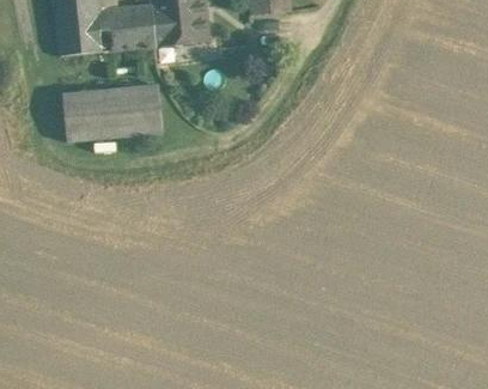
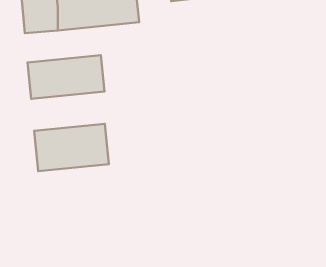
building: none -> [34,124,109,171]

